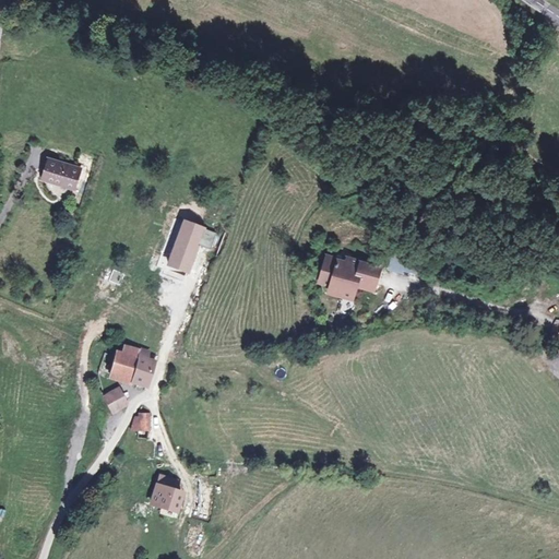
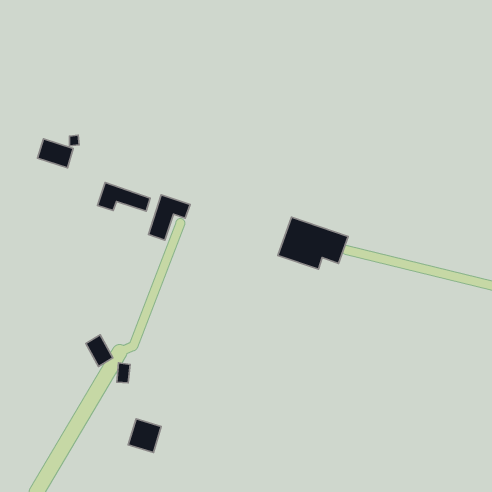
building: none -> [98,183,150,211]
building: [112,344,158,388] -> none

